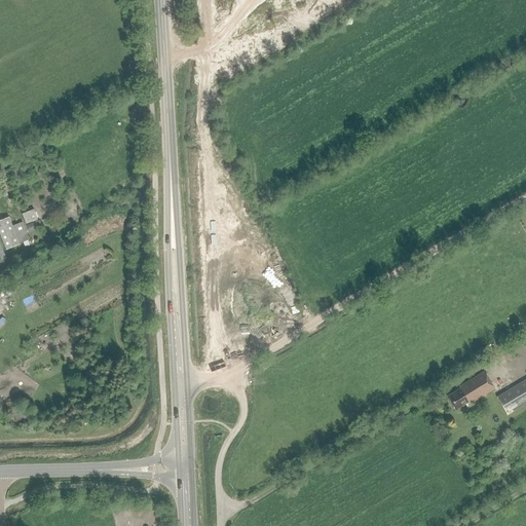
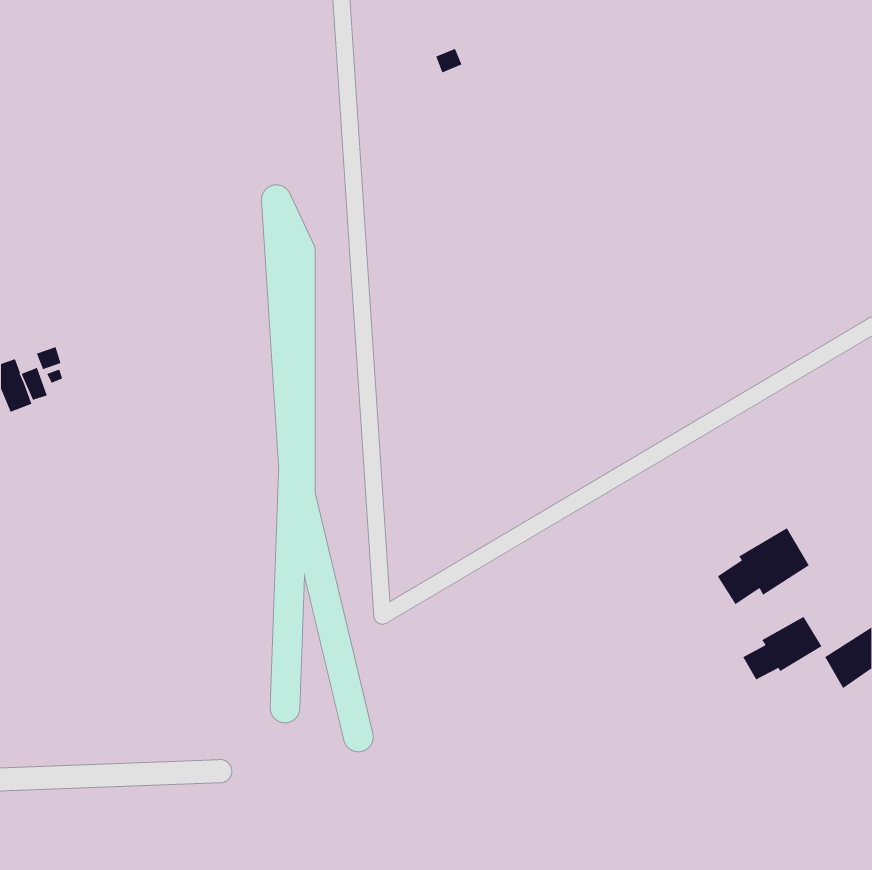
building: none -> [717,527,810,605]

